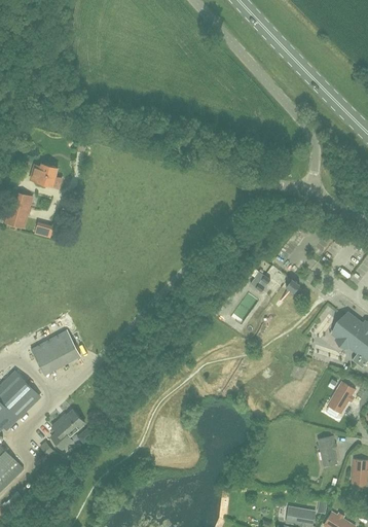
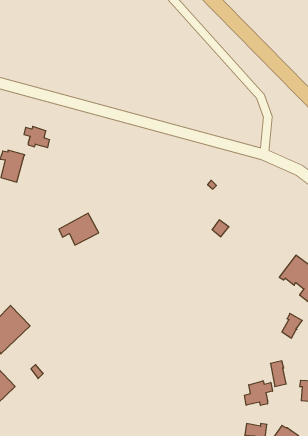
building: [31,331,77,368] -> [59,213,99,245]
building: [50,410,83,449] -> none
building: none -> [245,381,272,405]

